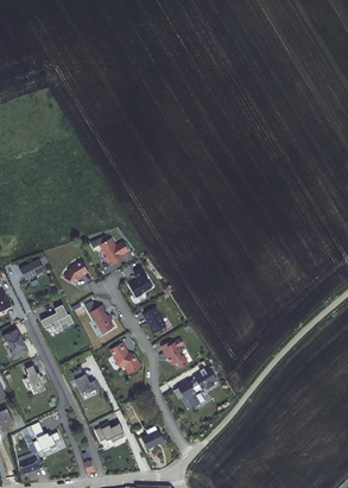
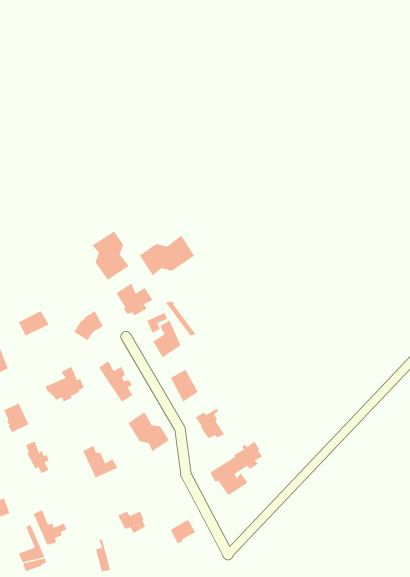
building: none -> [91,231,130,281]
building: none -> [139,234,195,277]

